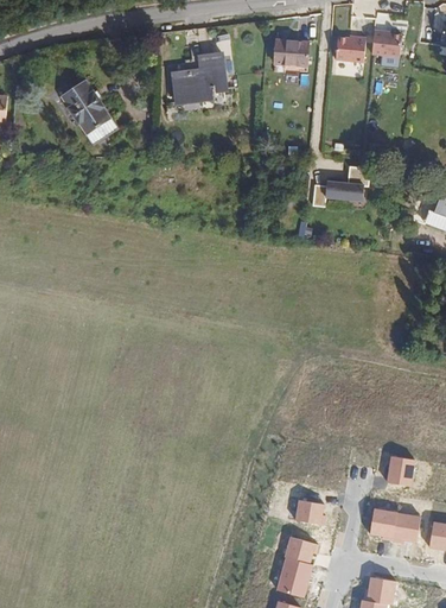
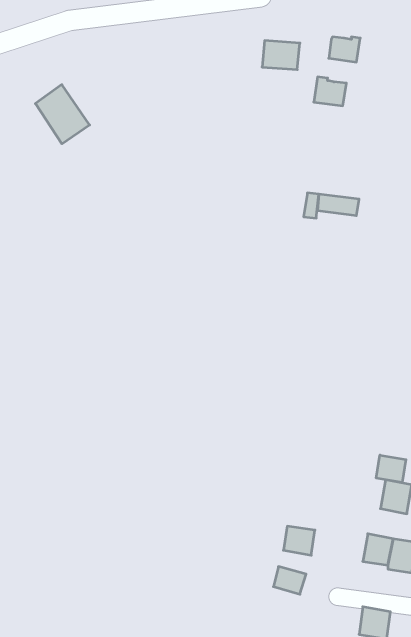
building: [374,32,404,59] -> [314,77,346,106]
building: [171,57,228,104] -> none
building: none -> [376,455,406,483]
building: [276,556,311,597] -> none

